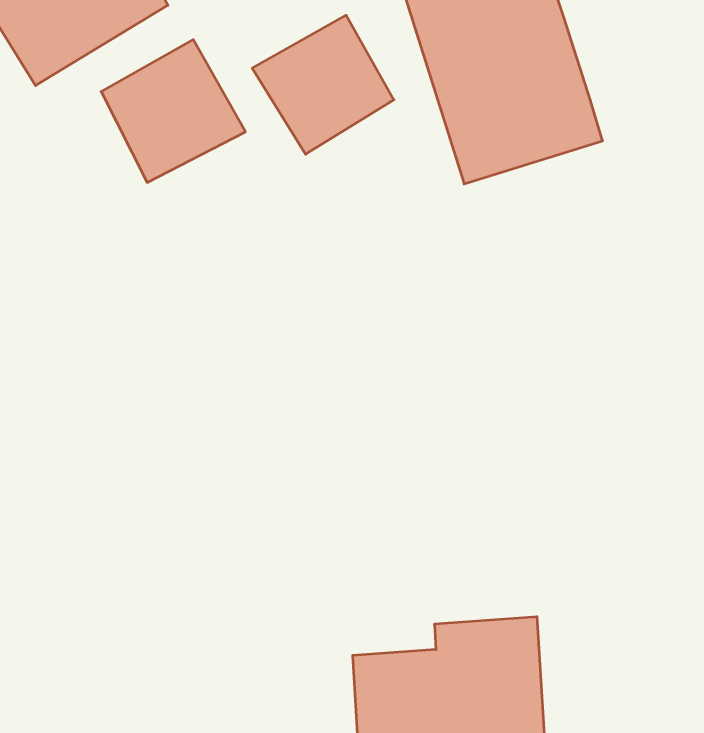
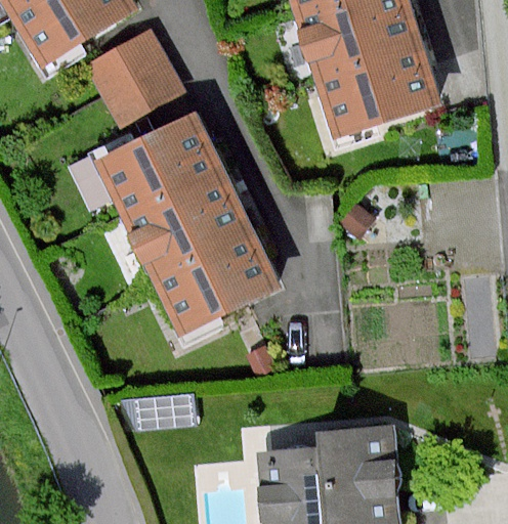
building: [252,15,394,154] -> none
building: none -> [98,116,272,329]

